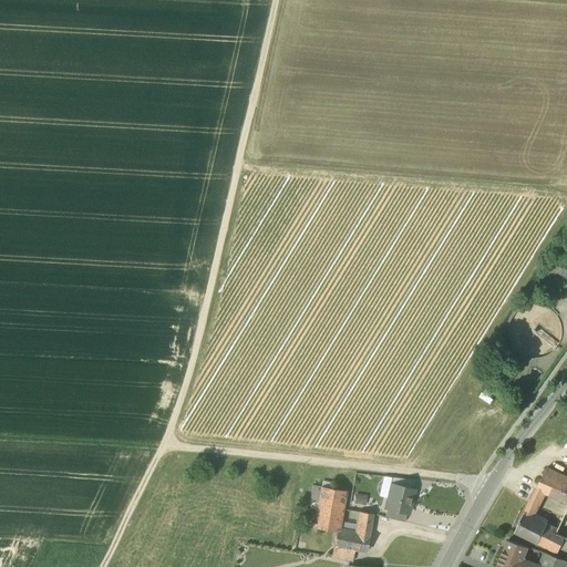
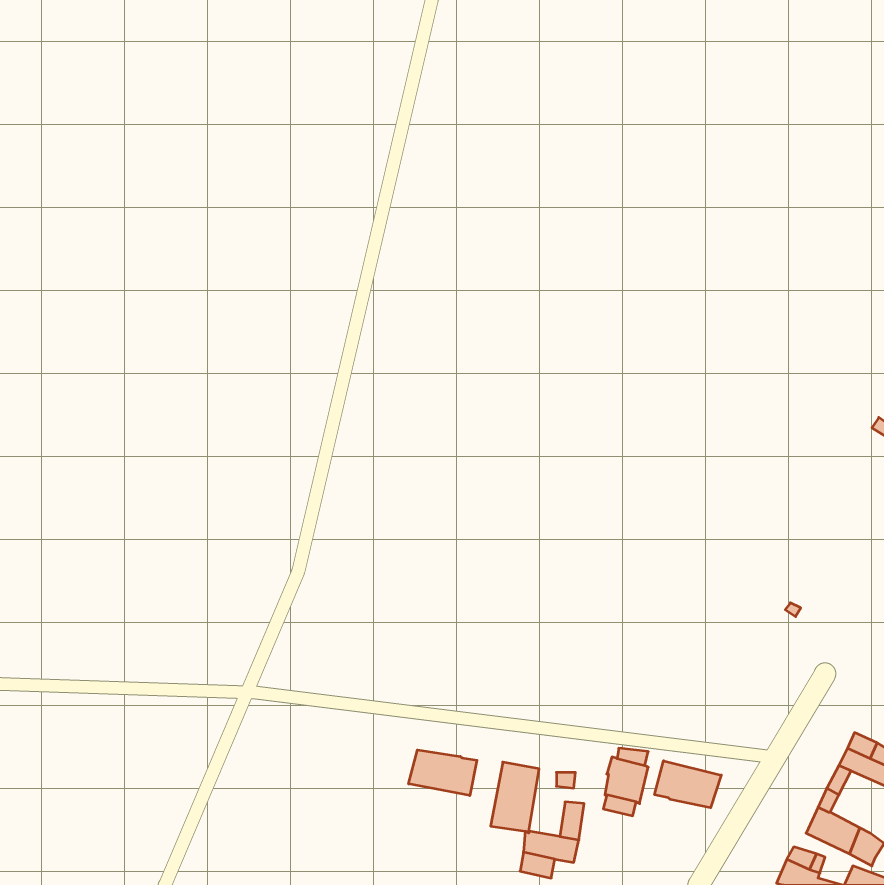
building: none -> [409,750,477,796]
building: none -> [655,761,721,808]

